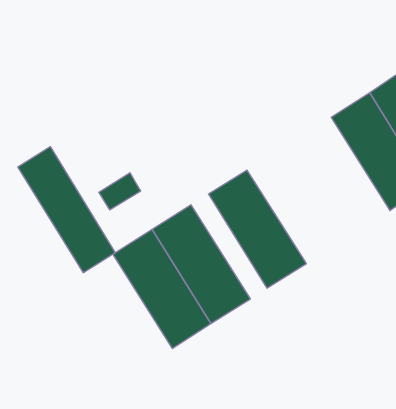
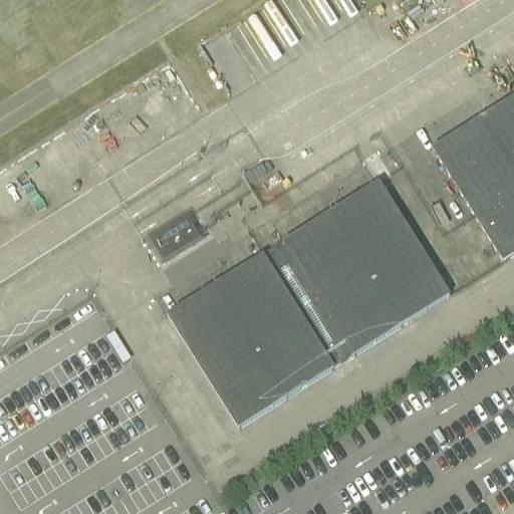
building: none -> [330,178,450,321]
building: [18,147,115,273] -> none
building: none -> [262,237,354,364]

